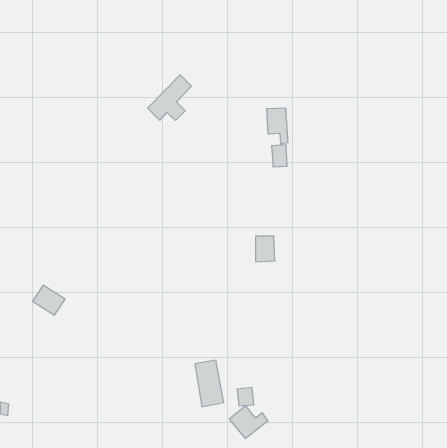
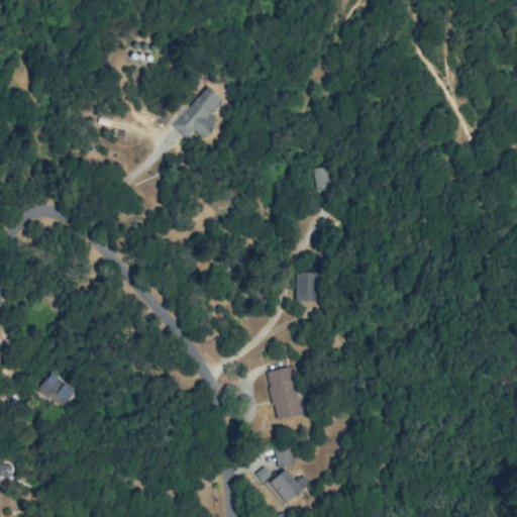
building: [267,108,288,144] -> none
building: [33,285,65,315] -> [37,374,75,408]
building: [195,360,224,407] -> [268,368,301,421]

